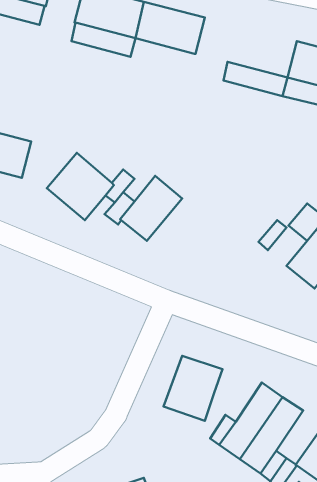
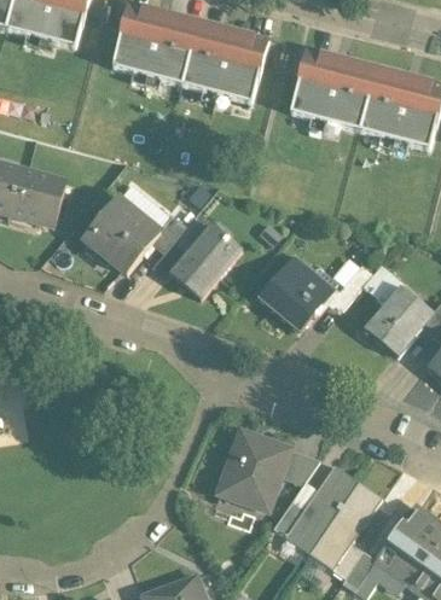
building: none -> [294,47,376,107]
building: none -> [181,62,257,101]
building: none -> [262,254,335,326]
building: none -> [279,448,320,484]

